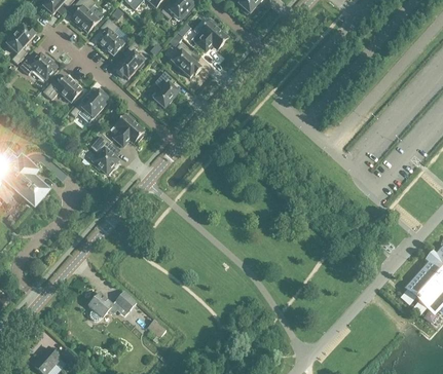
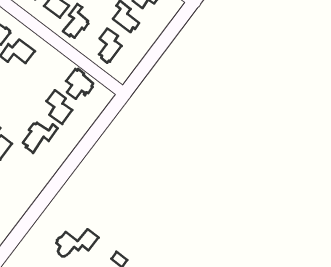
building: [69,89,108,117] -> none
building: none -> [23,123,58,153]

